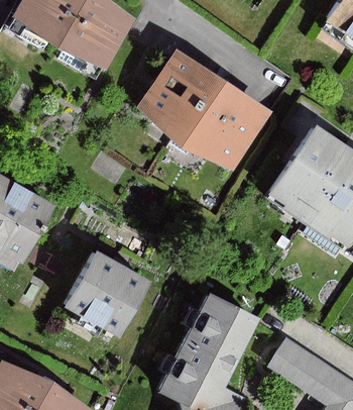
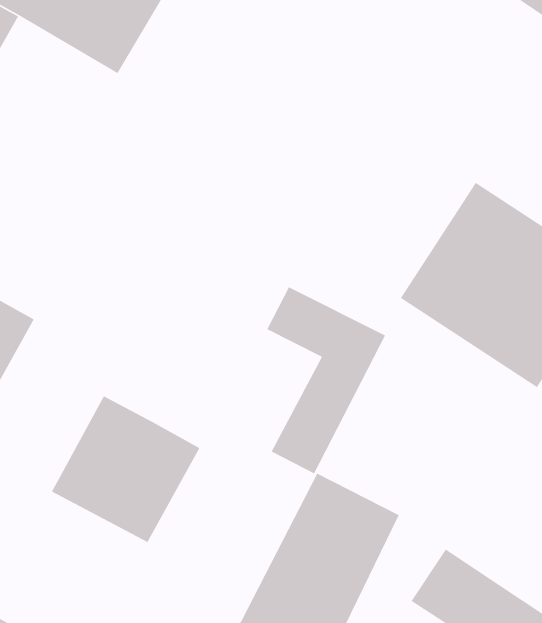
building: [140,49,272,170] -> none
building: none -> [266,286,386,474]

